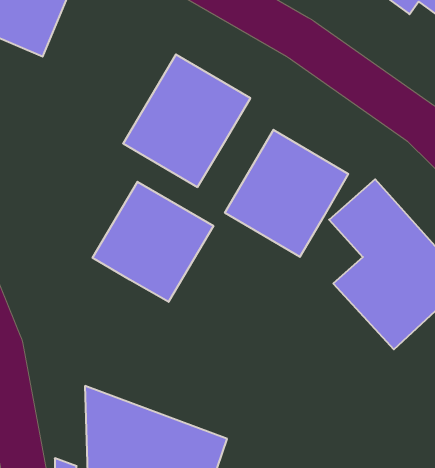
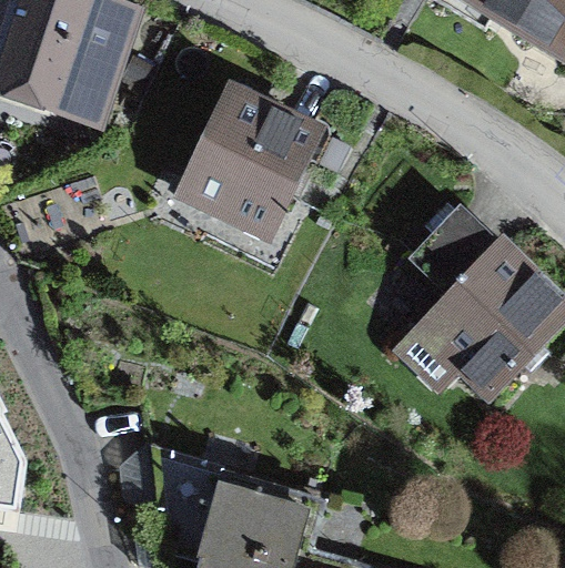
building: [225,130,348,257] -> none
building: [93,182,213,302] -> none

